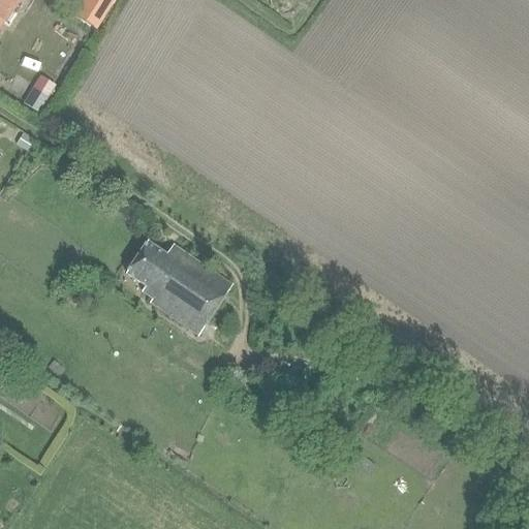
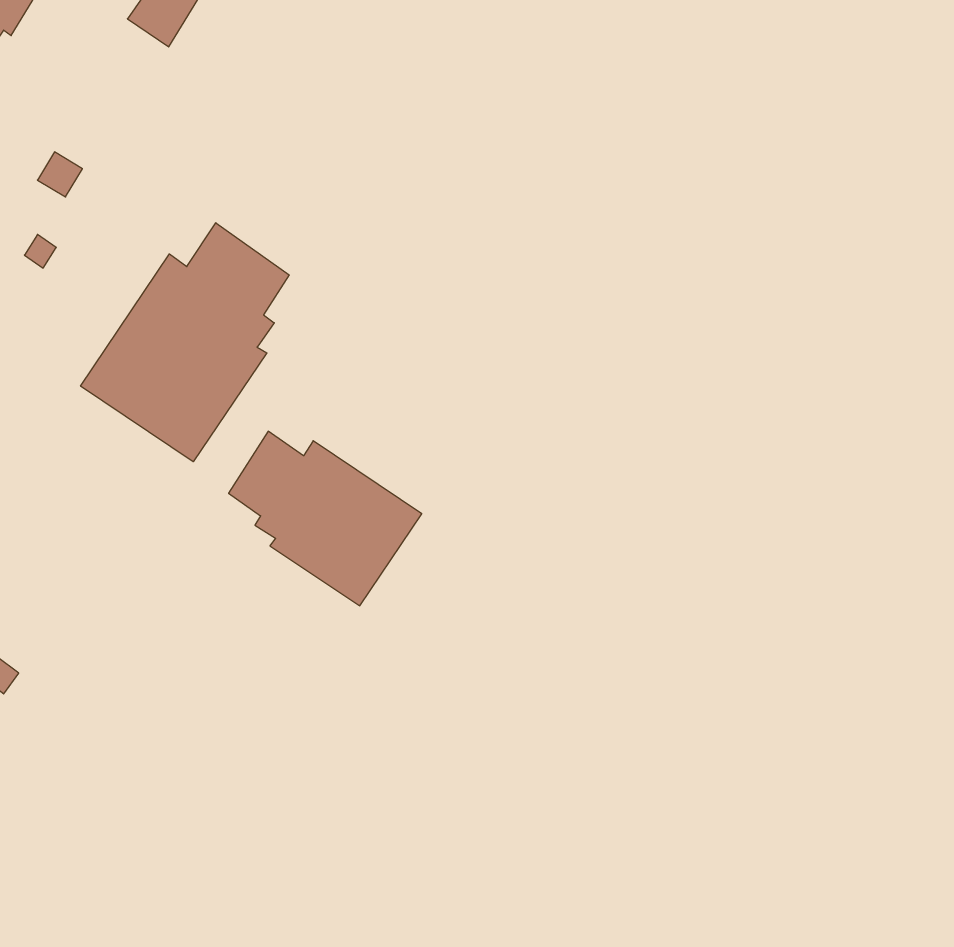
building: none -> [81,223,289,462]

